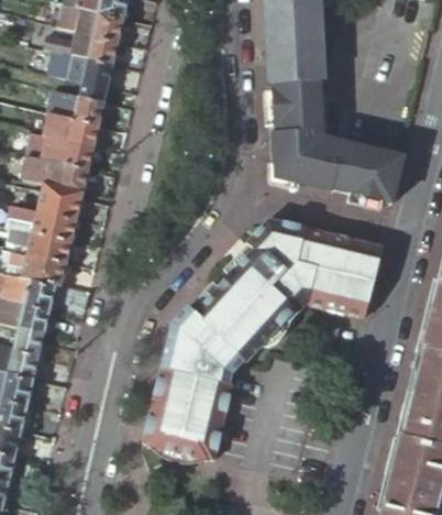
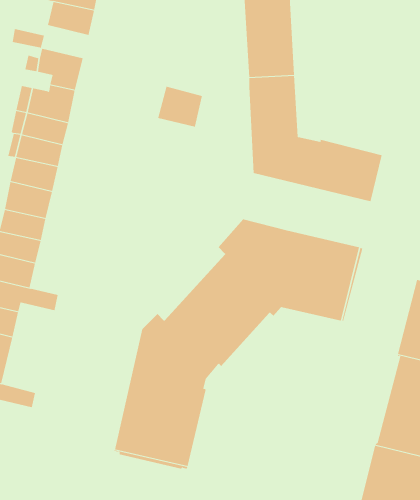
building: [71,31,118,63] -> none
building: none -> [158,86,202,127]

